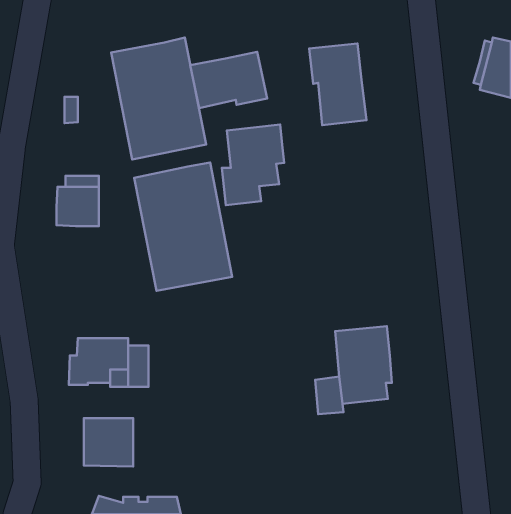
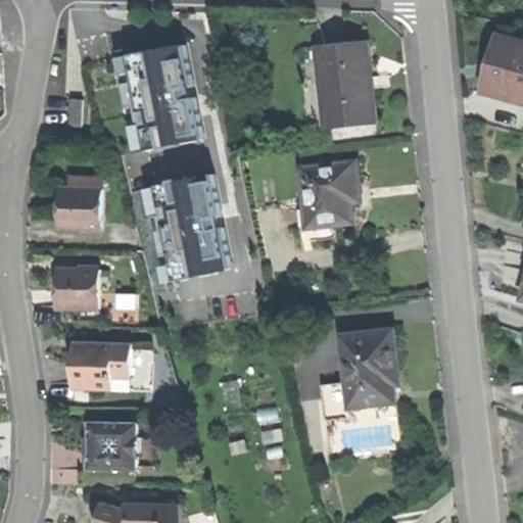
building: [190,52,267,108] -> none
building: [222,125,284,205] -> [294,161,358,243]
building: none -> [55,270,98,308]

